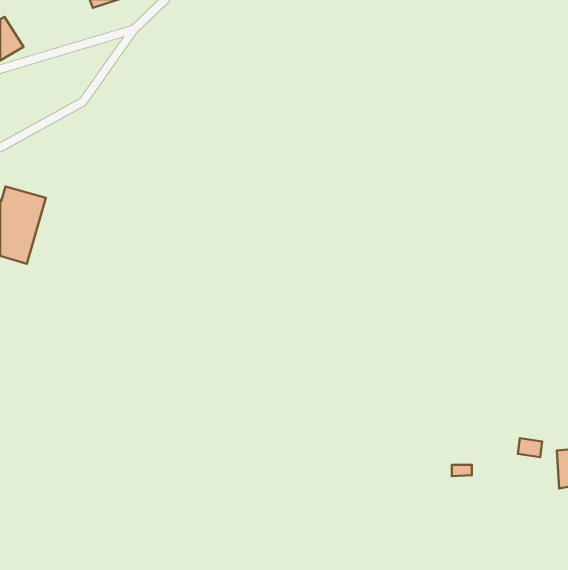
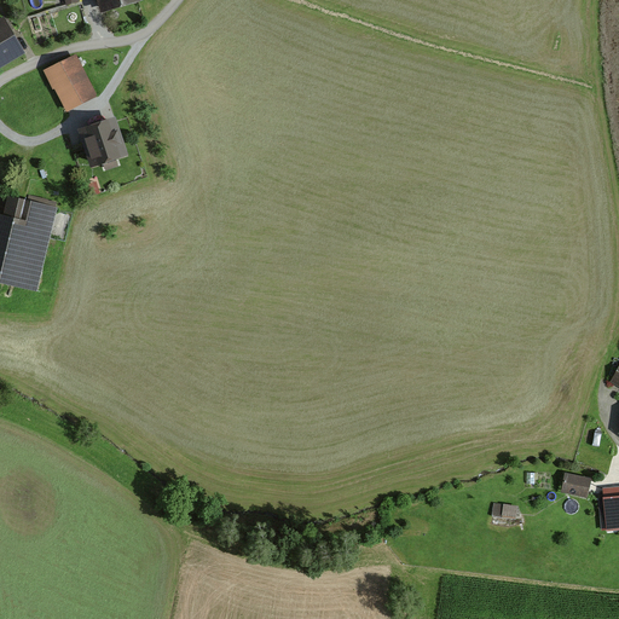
building: none -> [48,54,92,105]
building: none -> [82,122,122,166]

